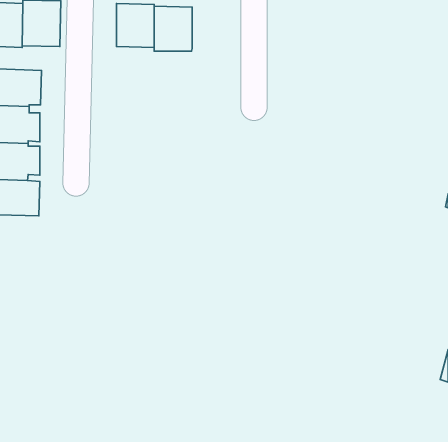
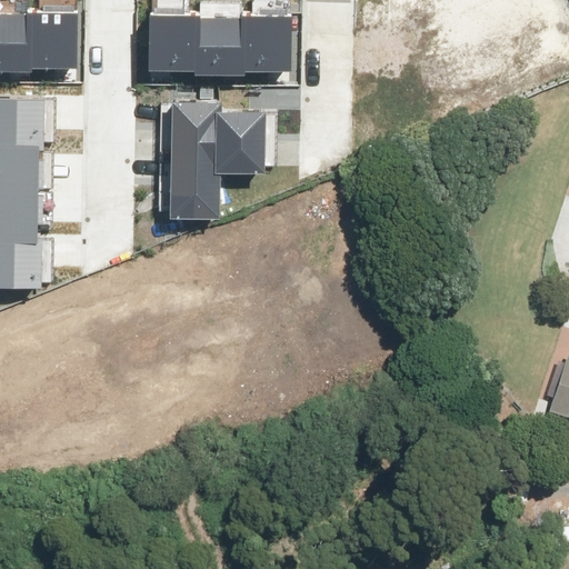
building: none -> [242,16,290,71]
building: none -> [169,101,266,214]

